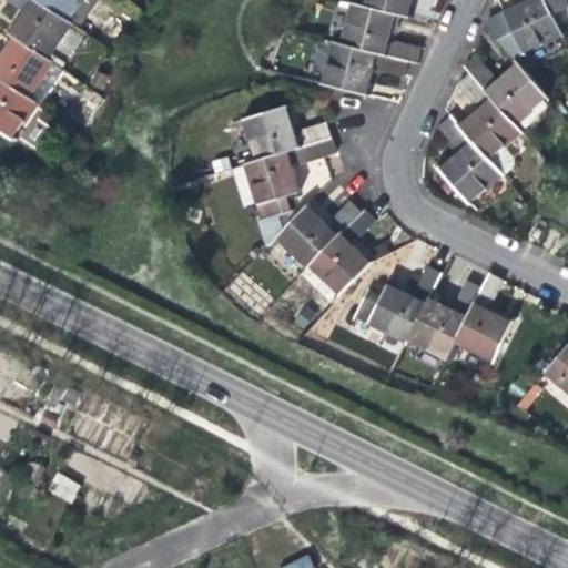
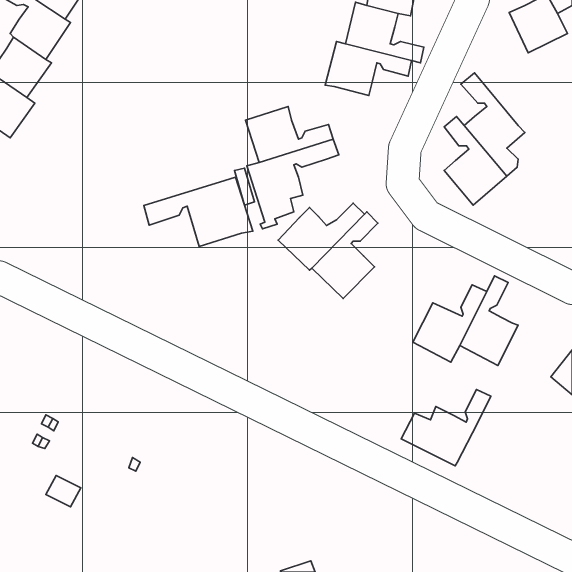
building: [464,54,546,124] -> none
building: none -> [144,177,253,247]
building: [353,266,442,342] -> [401,390,491,466]

